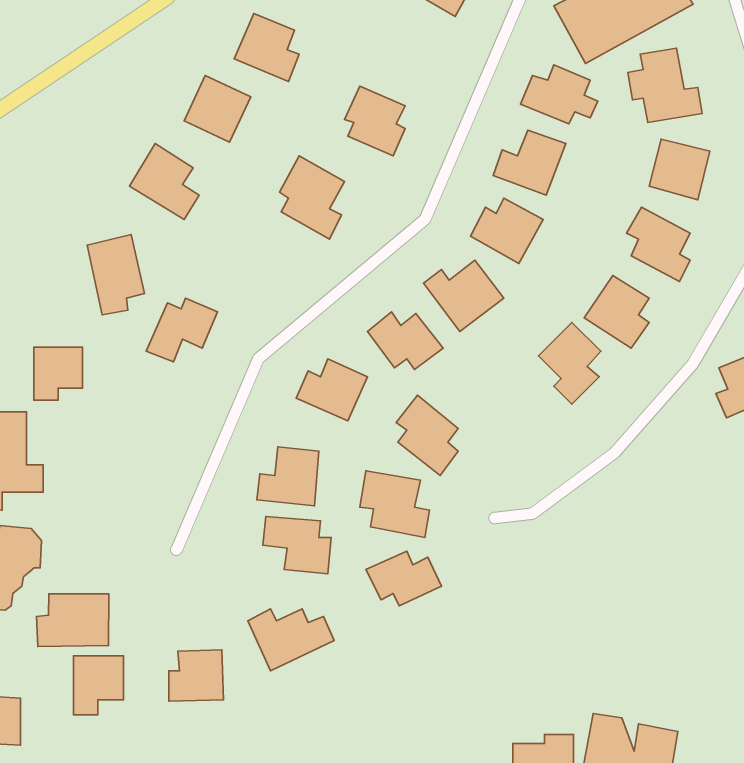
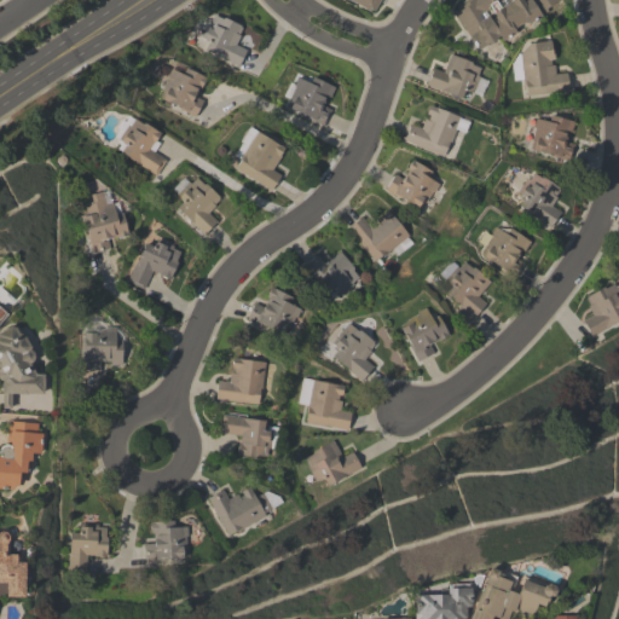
building: none -> [175,175,224,235]
building: [34,347,82,400] -> [85,328,123,370]
building: none -> [399,308,449,361]
building: [37,594,109,646] -> none

